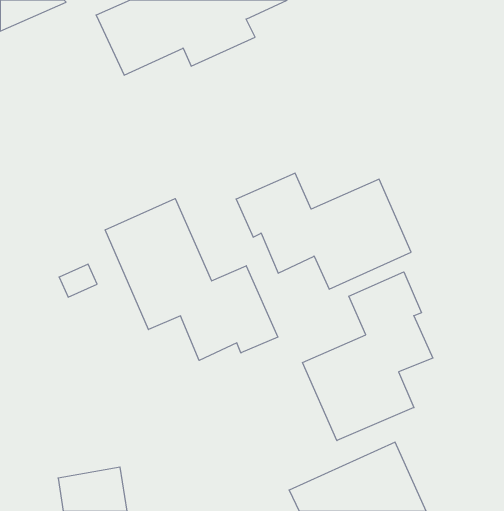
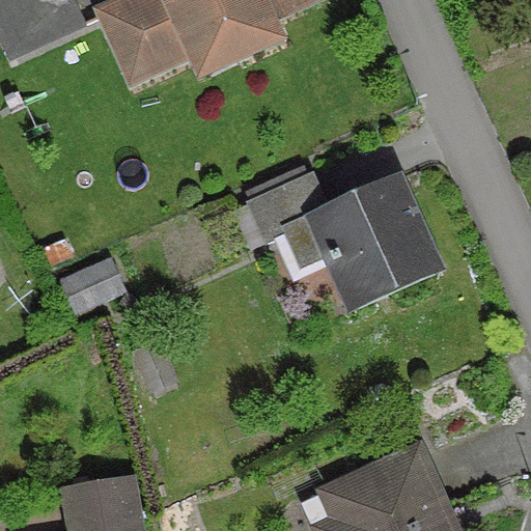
building: [105,199,278,360] -> none
building: [302,272,433,441] -> none

